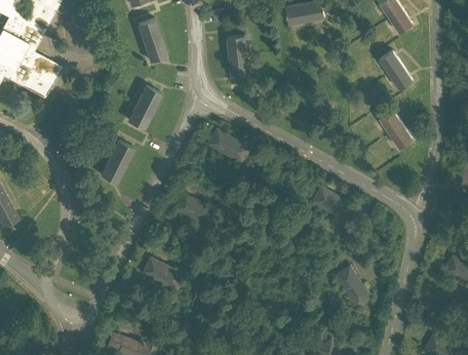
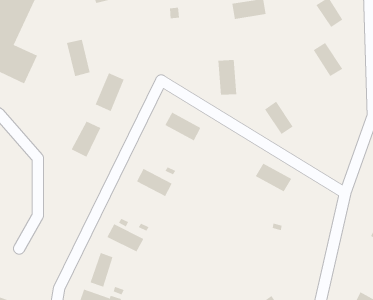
building: [138,18,165,62] -> [66,39,90,77]
building: [226,35,248,76] -> [217,59,237,95]
building: [379,109,413,148] -> [264,101,294,135]
building: [334,267,369,309] -> none
building: none -> [90,252,113,288]

